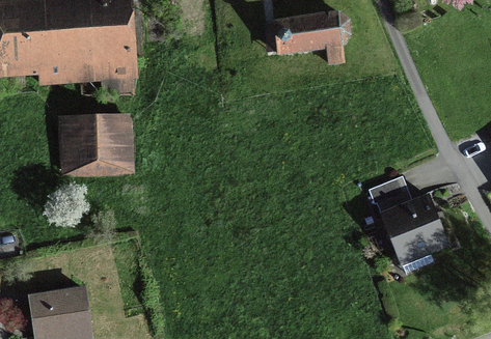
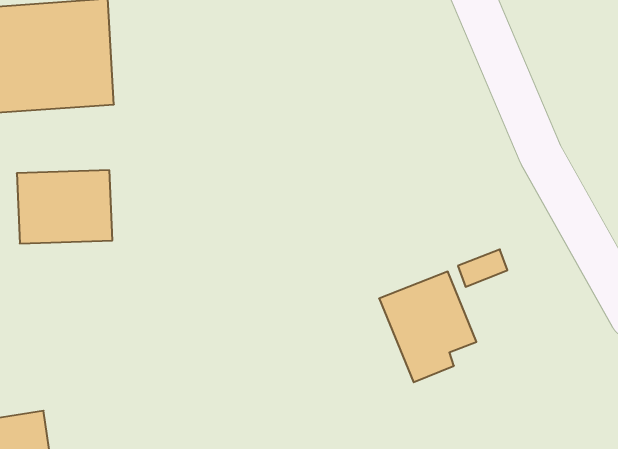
building: [274,10,349,62] -> none
building: [380,195,447,272] -> [379,272,476,382]

